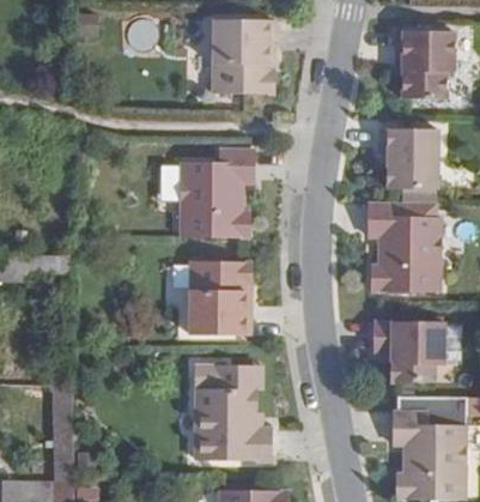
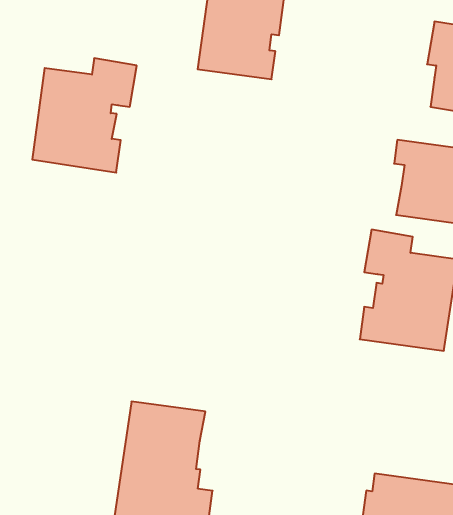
building: [181,149,254,237] -> [32,58,137,173]
building: [189,261,251,334] -> none
building: [373,321,444,382] -> none

